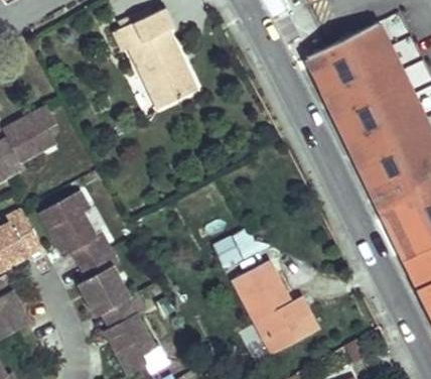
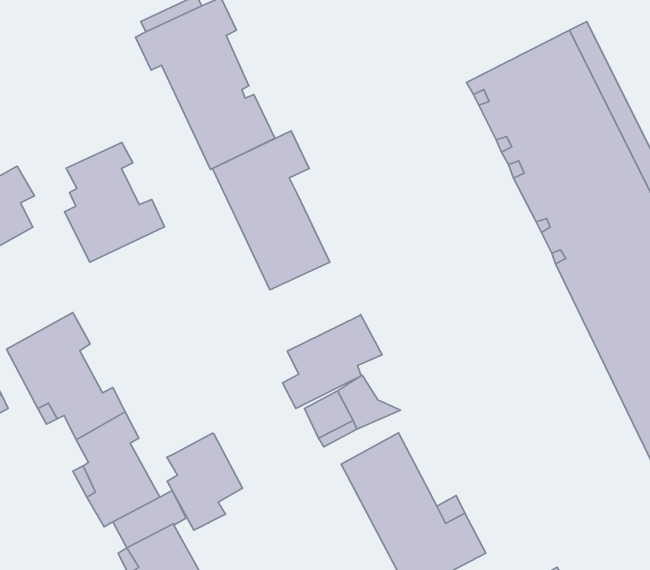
building: none -> [213,131,330,290]
building: none -> [64,143,165,262]
building: none -> [282,315,382,408]
building: none -> [167,433,243,530]

